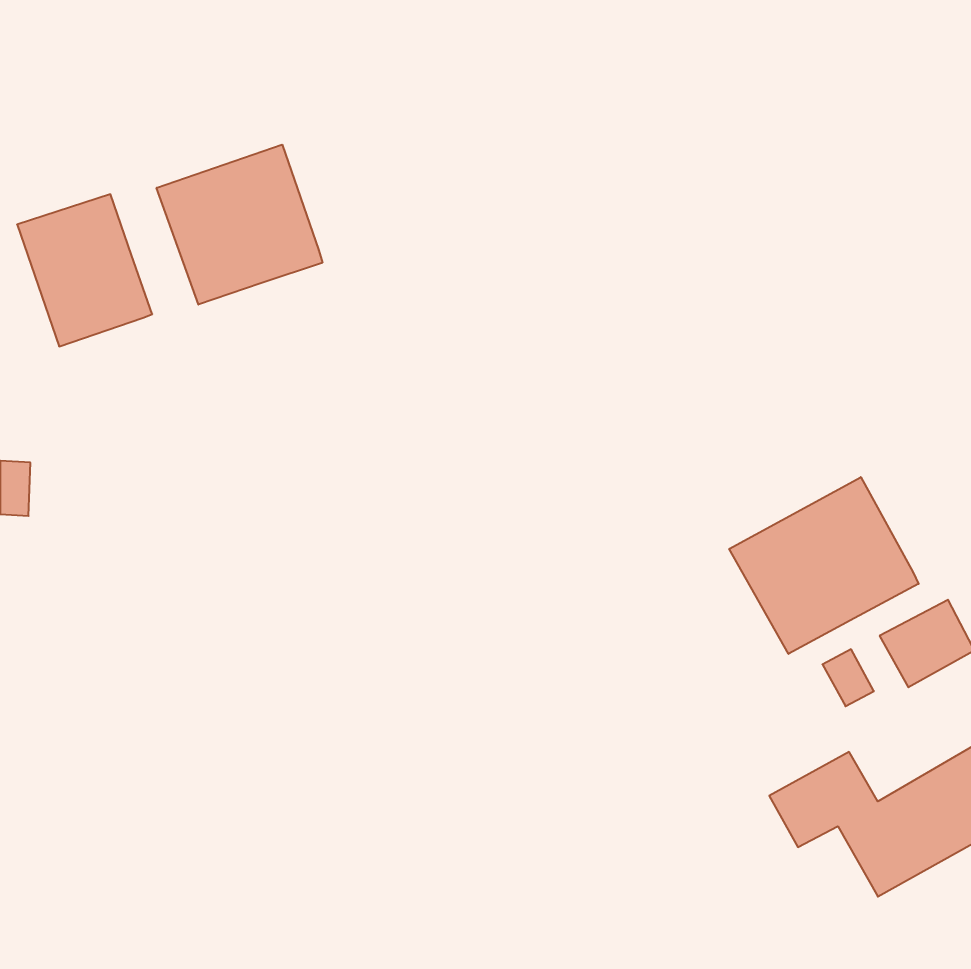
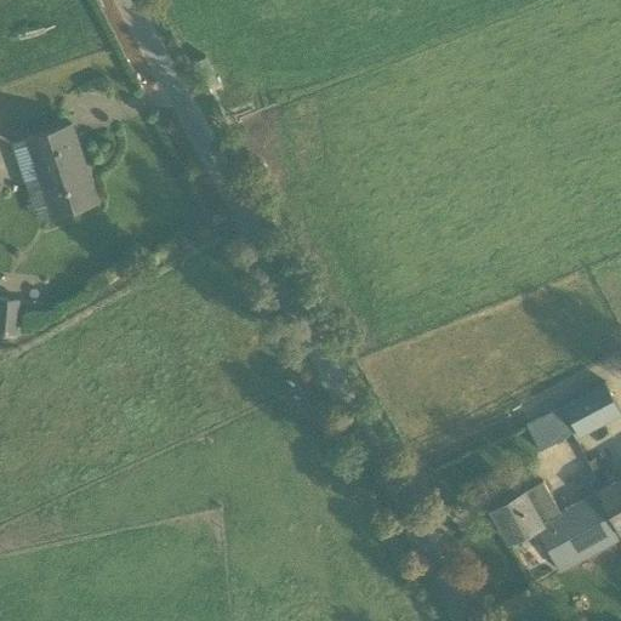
building: [157,145,322,305] -> none
building: [729,477,919,654] -> none

